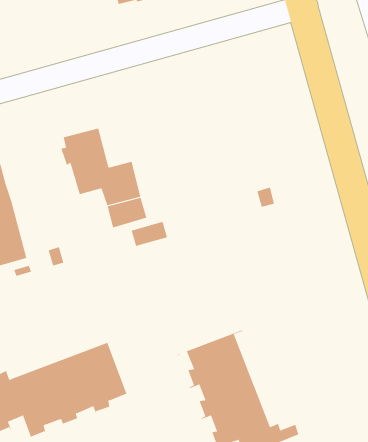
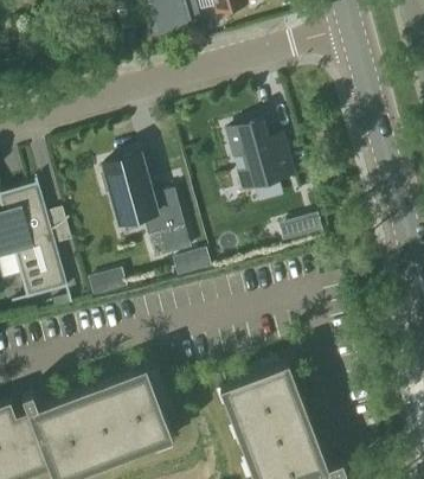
building: none -> [225,120,293,185]

